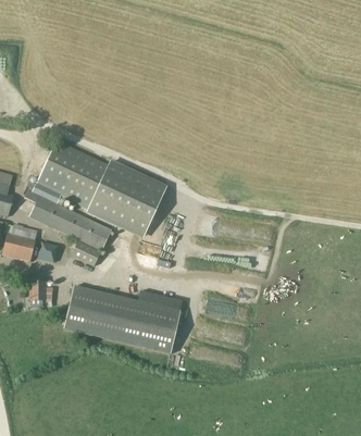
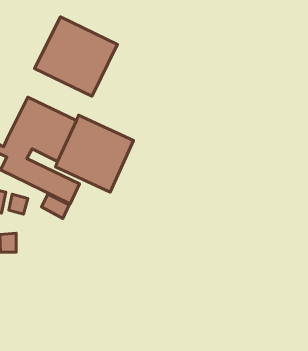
building: none -> [34,17,118,96]
building: [64,285,180,352] -> none

